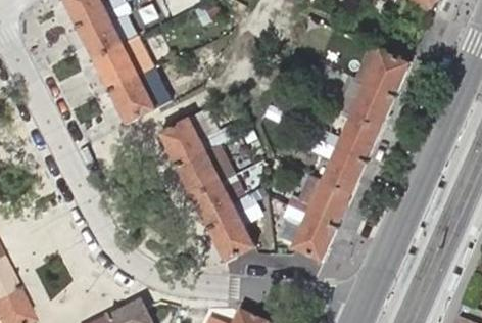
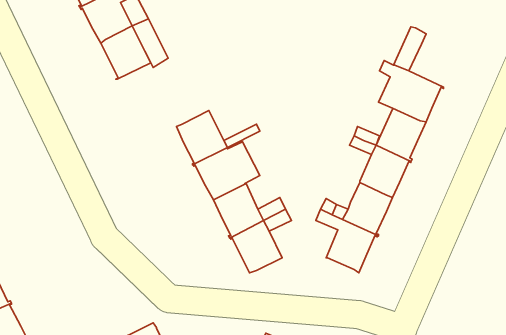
building: [365,50,408,97] -> none
building: [108,76,154,123] -> none

